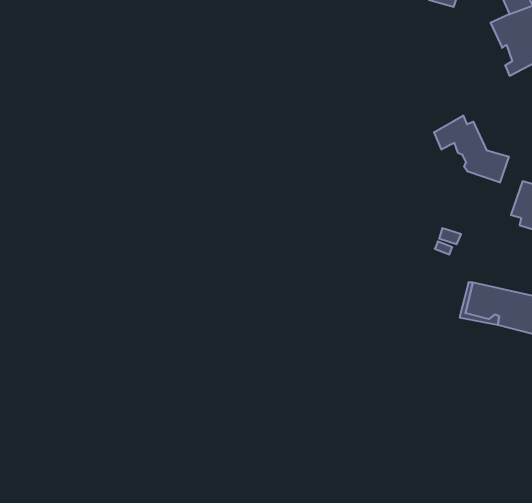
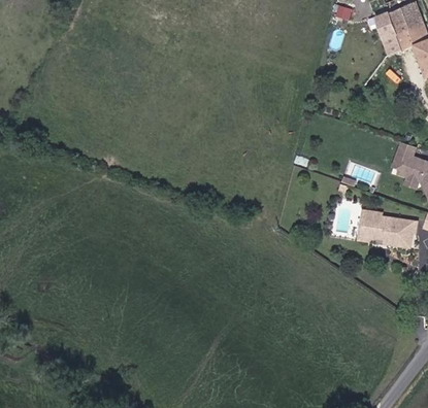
building: [434,115,509,183] -> none

